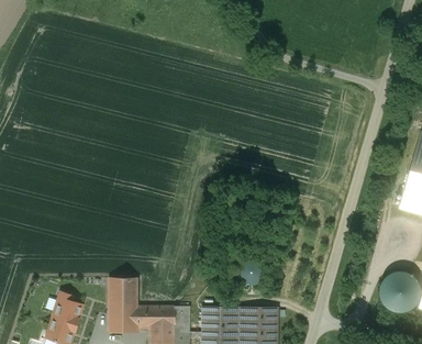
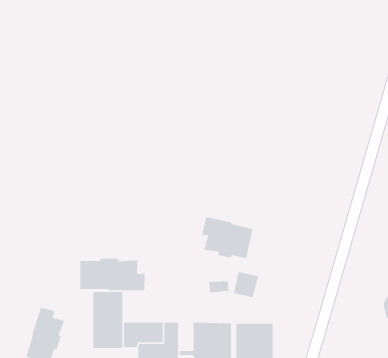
building: none -> [201,216,254,260]
building: none -> [79,258,146,291]

